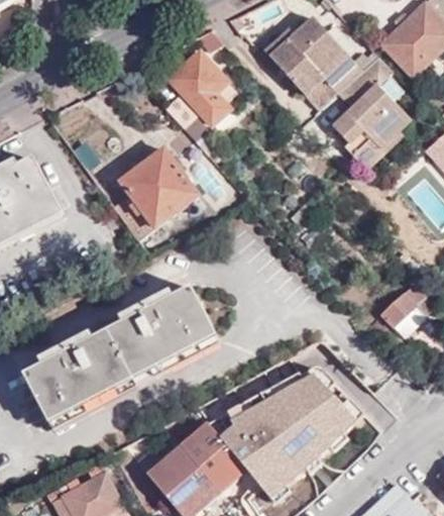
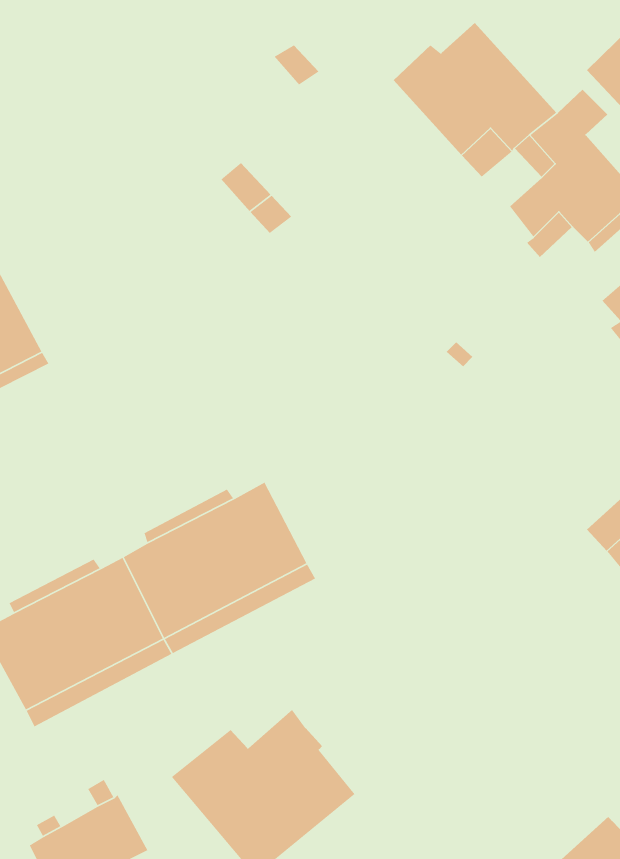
building: [168,53,230,127] -> none
building: [114,150,199,240] -> none
building: [215,366,363,503] -> none

